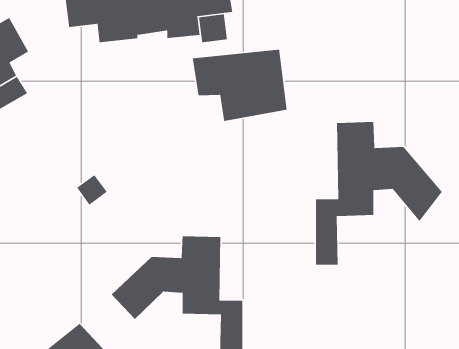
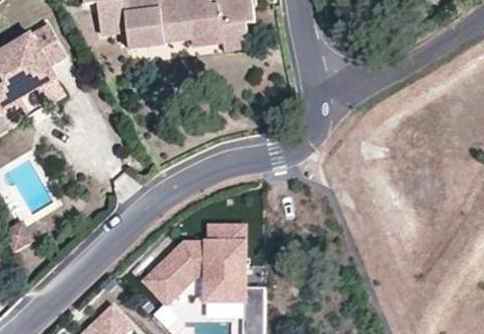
building: [192,49,288,122] -> none
building: [315,121,443,266] -> none

